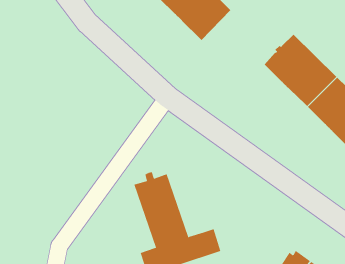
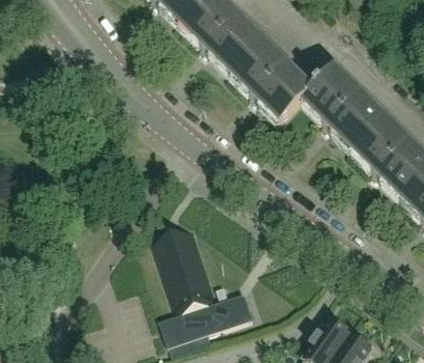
building: none -> [232,40,316,124]

